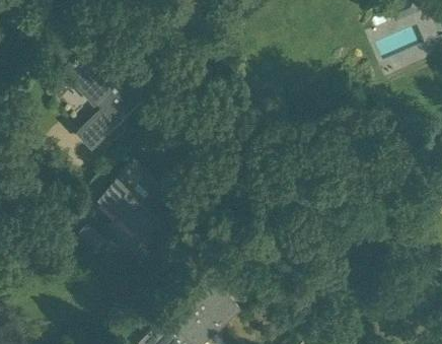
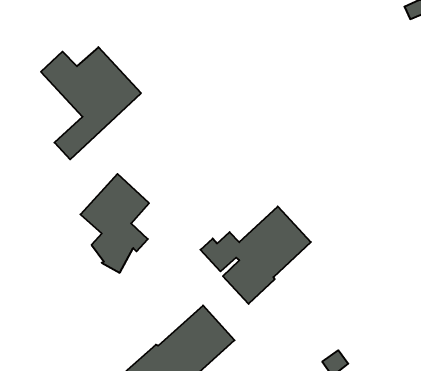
building: none -> [200,206,311,304]

